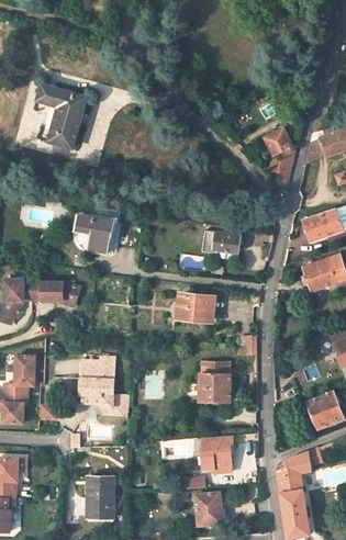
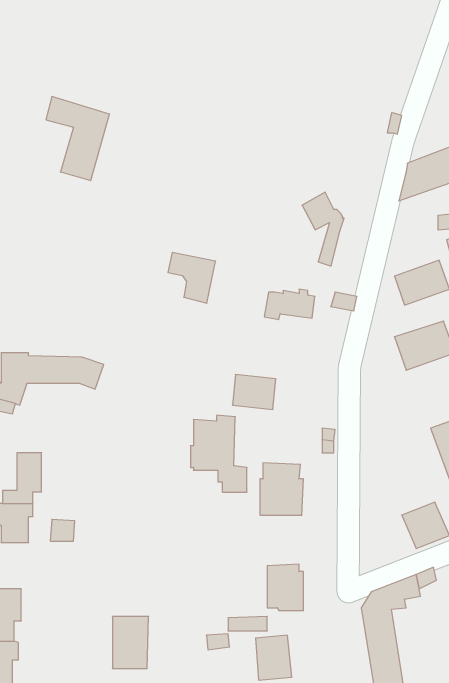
building: [263,128,294,184] -> [302,192,344,266]
building: [76,215,112,254] -> [168,252,216,303]
building: [79,357,122,415] -> [190,415,247,492]

